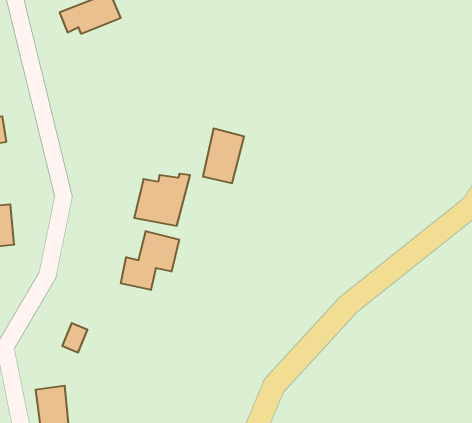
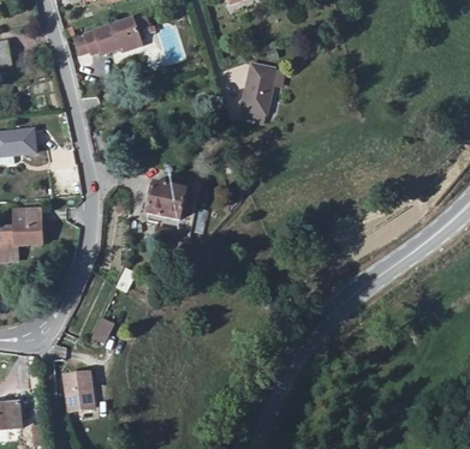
building: [203,129,244,183] -> [239,66,276,115]
building: [121,231,179,290] -> none

